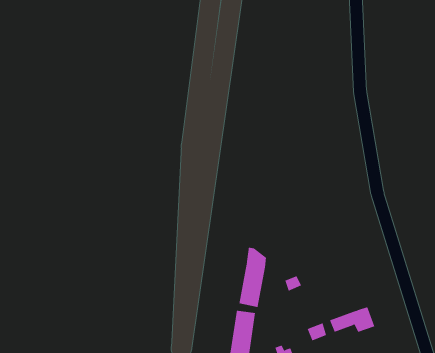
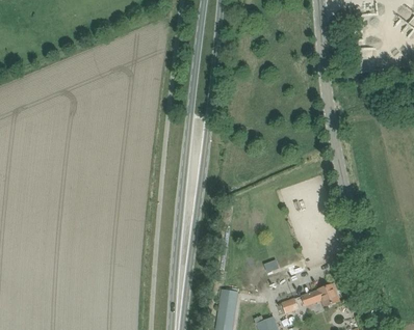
building: [239,247,266,308] -> none

